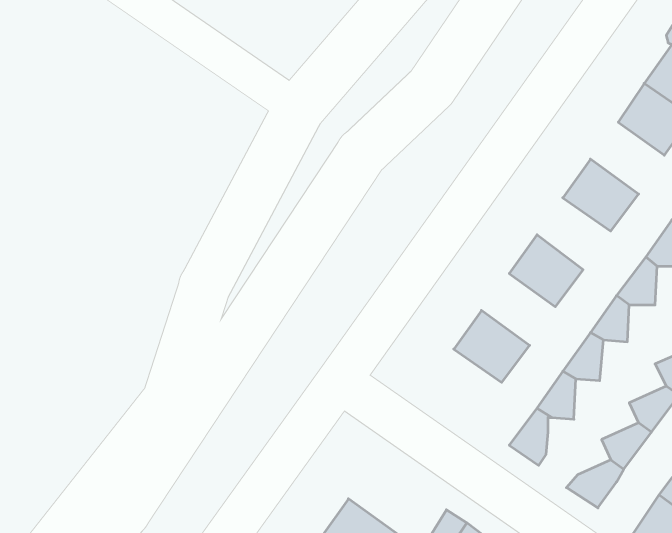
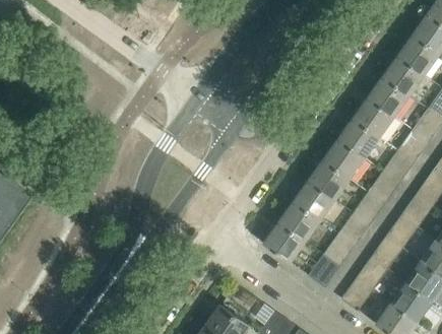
building: none -> [354,97,394,137]
building: none -> [324,139,365,179]
building: none -> [294,181,334,220]
building: none -> [264,222,305,262]

